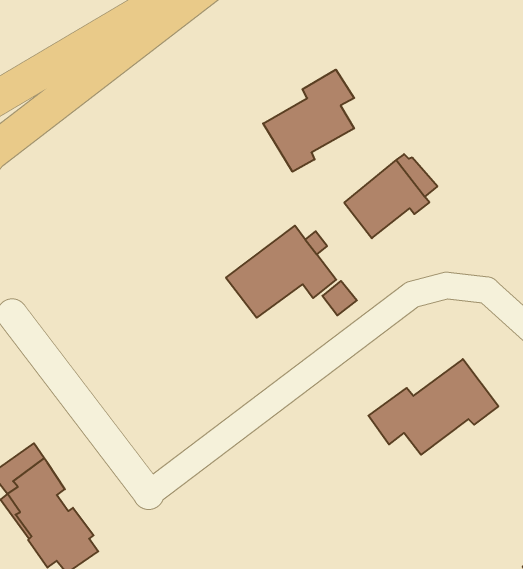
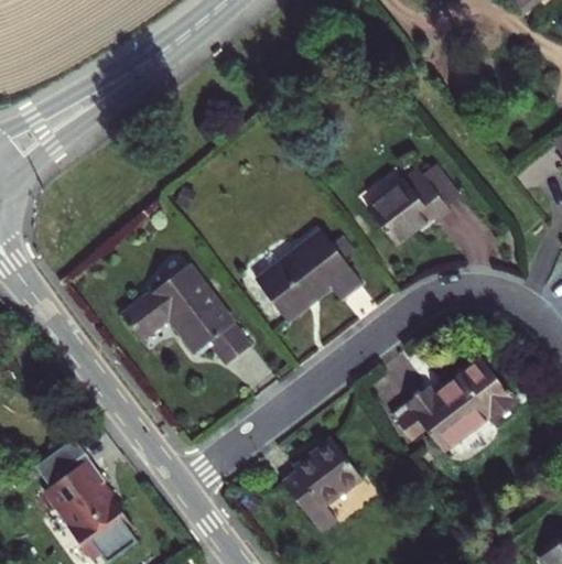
building: [263,70,354,172] -> none
building: none -> [123,264,250,362]
building: none -> [285,440,363,528]

